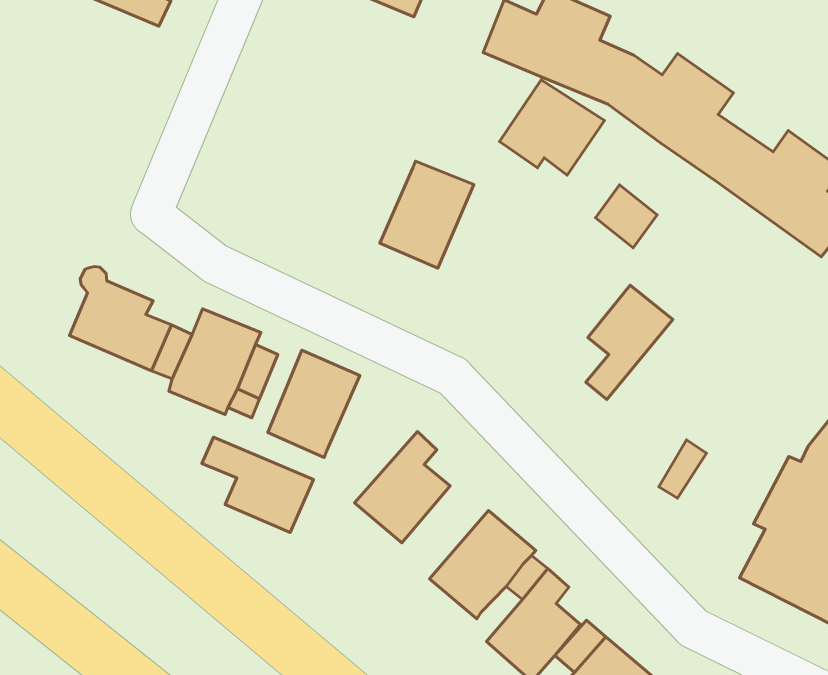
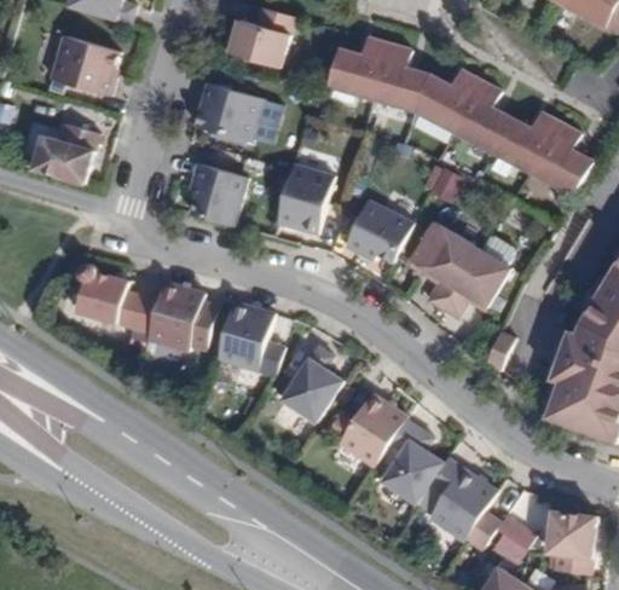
building: none -> [195,81,264,141]
building: none -> [33,123,99,184]
building: [499,80,605,175] -> [345,201,413,262]
building: none -> [187,162,243,226]
building: none -> [441,235,514,319]
building: [202,437,313,532] -> none

